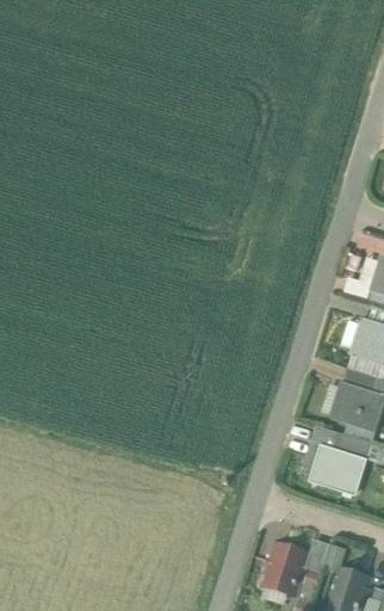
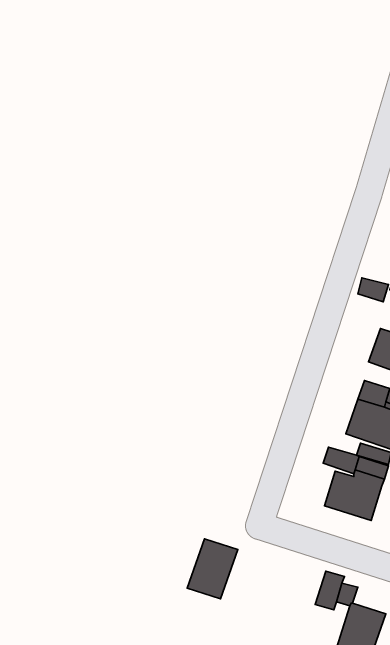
building: [261,542,306,595] -> [187,539,238,599]

